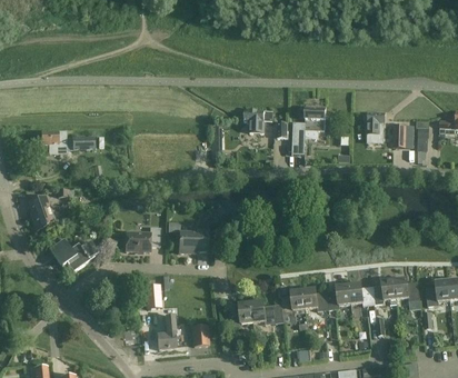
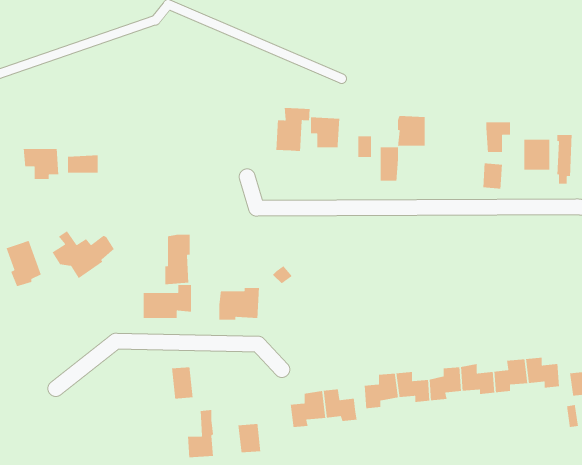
building: none -> [276,107,311,152]
building: none -> [165,234,190,285]
building: [52,237,97,271] -> [52,230,115,279]

